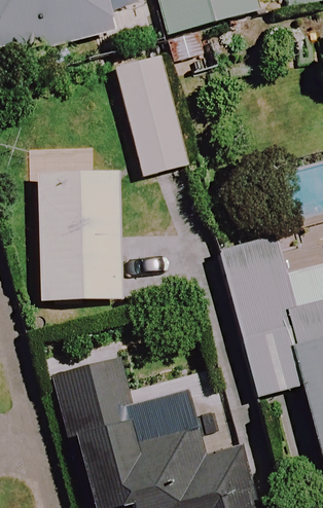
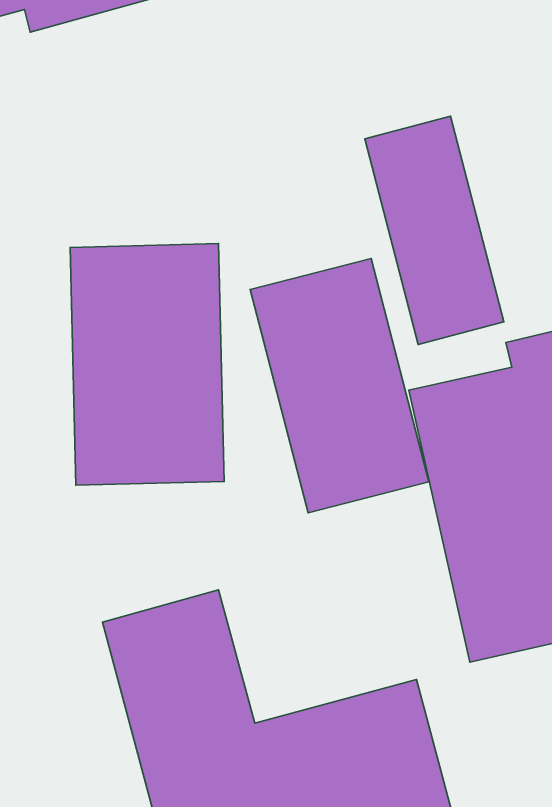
building: [115,52,190,176] -> [365,116,504,345]
building: none -> [250,258,429,513]

